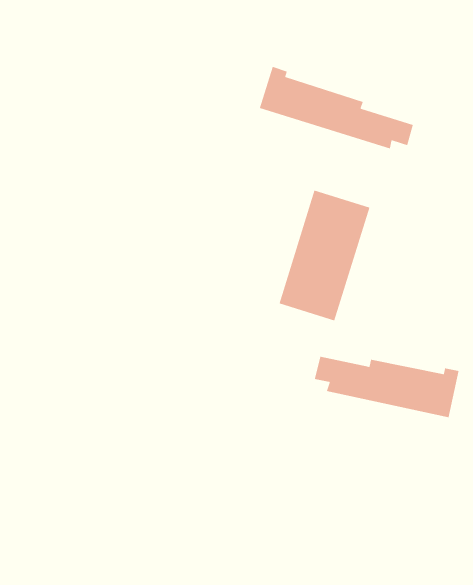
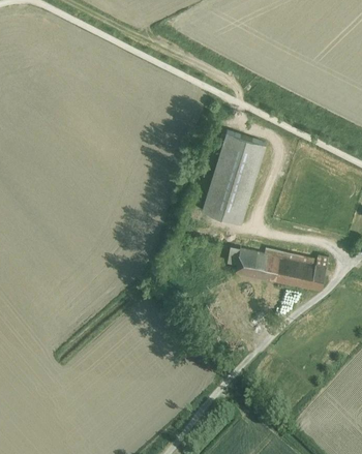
building: [259,66,414,150] -> none

